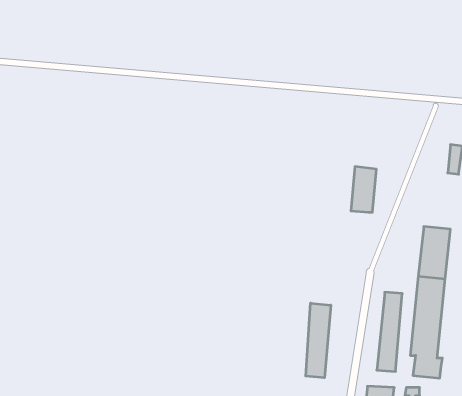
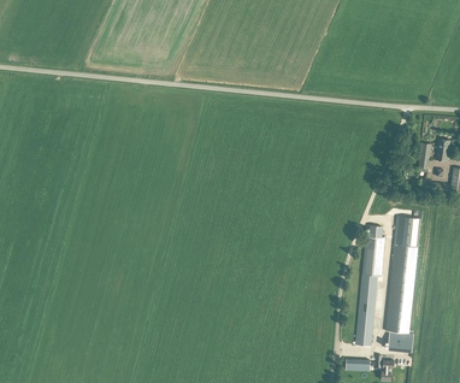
building: [351,167,376,212] -> [361,235,384,276]
building: [306,303,331,378] -> none

